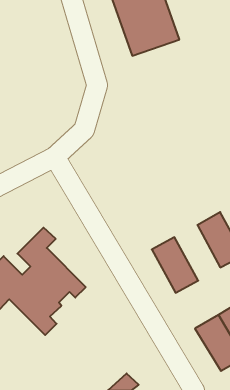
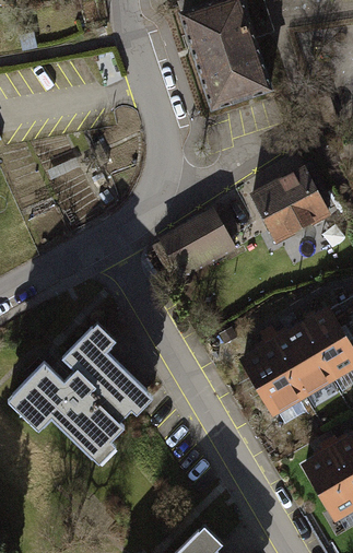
building: none -> [243,155,330,247]
building: none -> [157,208,239,282]
building: none -> [271,327,332,401]

